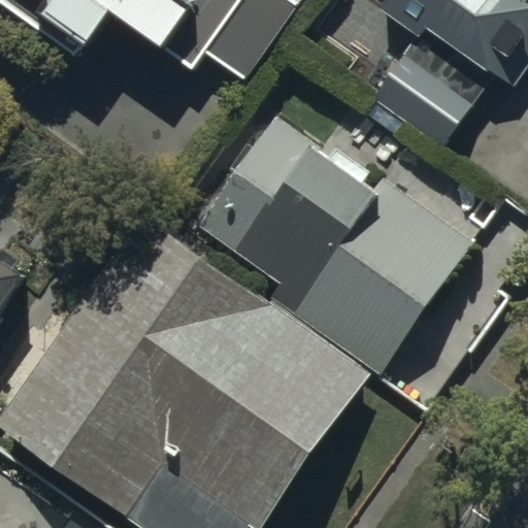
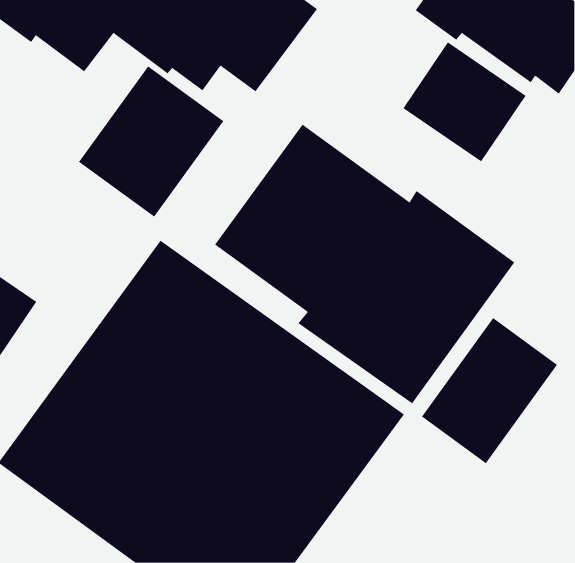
building: none -> [78,66,224,218]
building: none -> [421,317,558,464]

